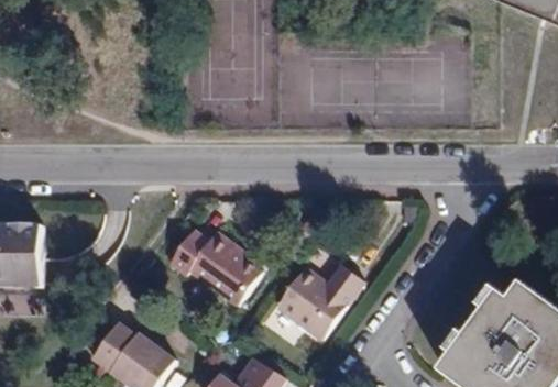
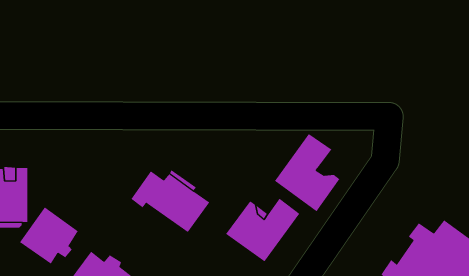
building: none -> [274,133,340,212]
building: none -> [19,207,78,265]

